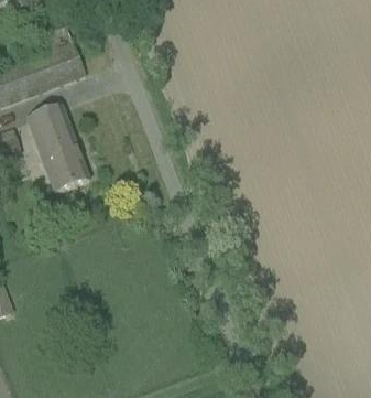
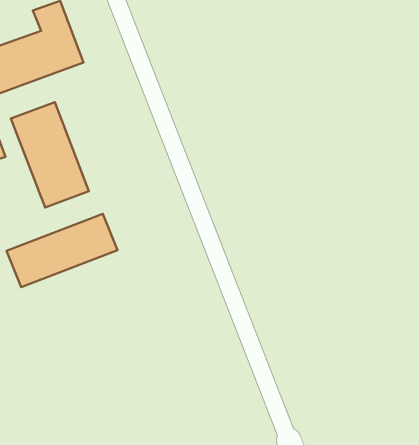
building: none -> [7,214,117,287]

